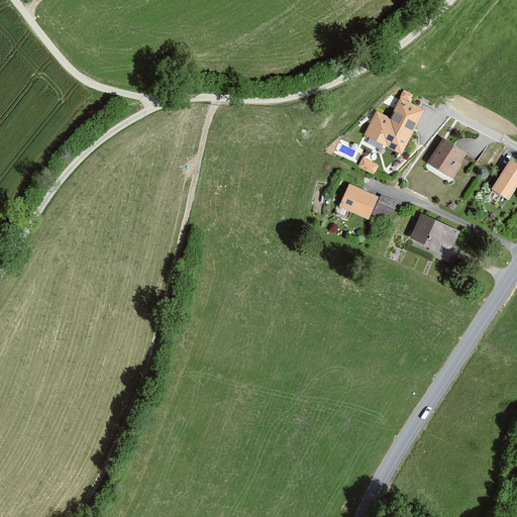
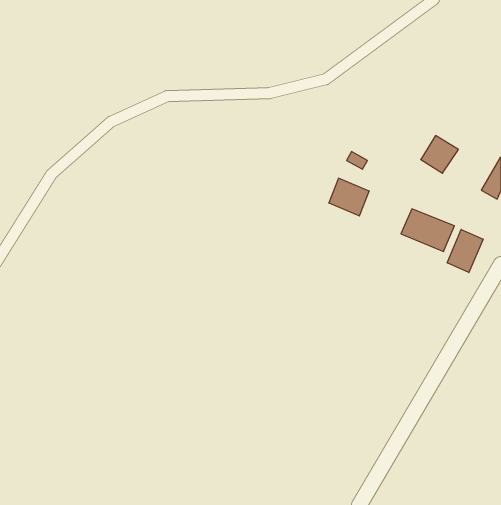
building: [363,92,426,154] -> none
building: none -> [447,229,483,273]

